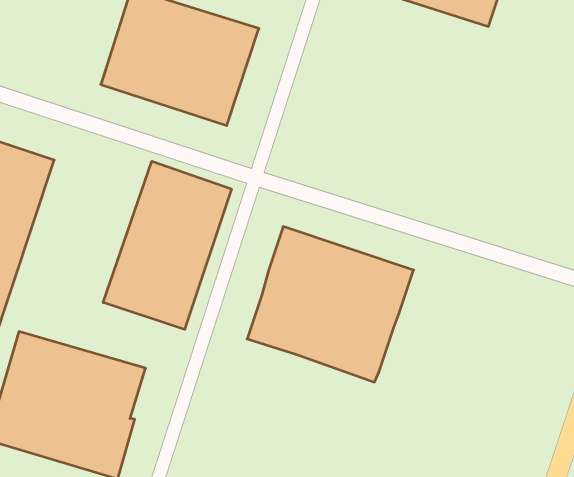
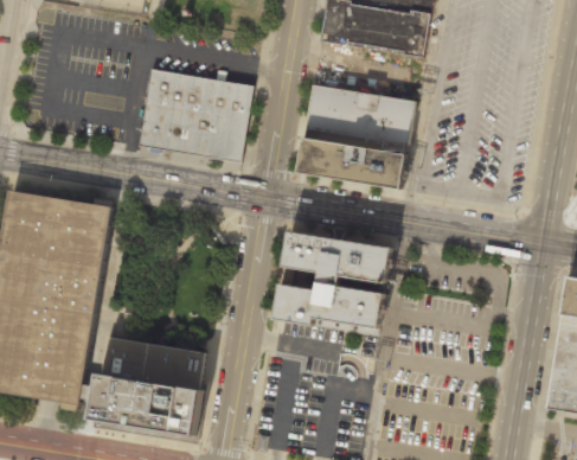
building: none -> [307,84,416,145]
building: none -> [301,138,409,187]
building: [103,161,231,329] -> none

